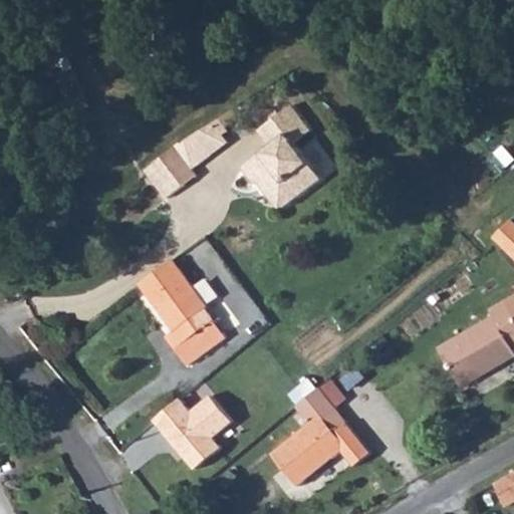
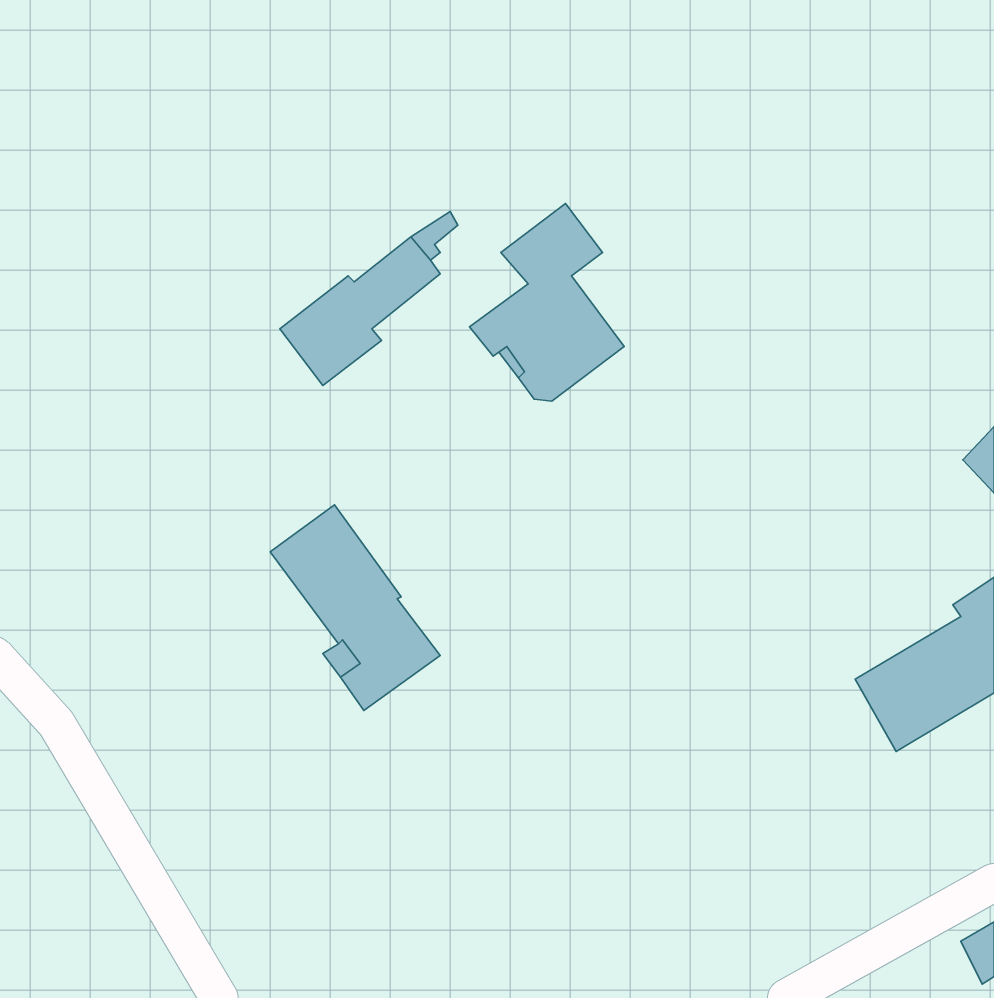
building: [271,387,346,485] -> none
building: [155,396,236,473] -> none

